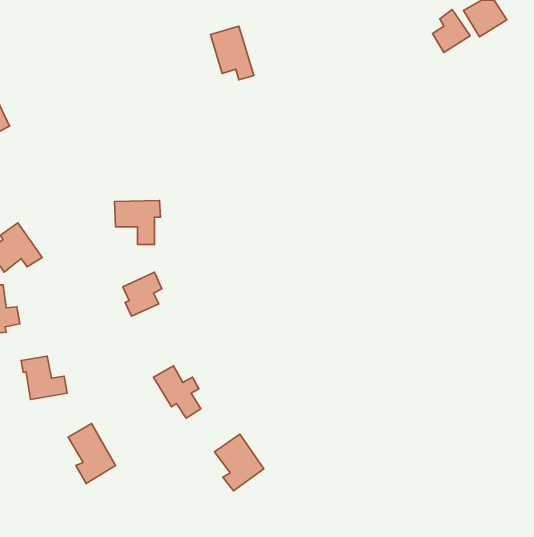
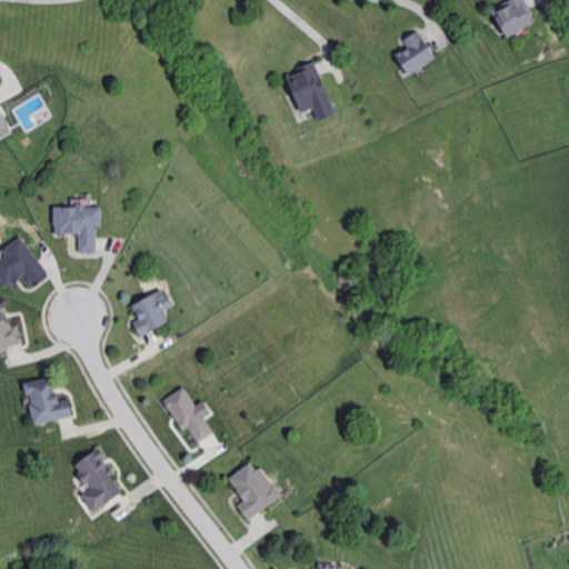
building: [432,9,470,53] -> [395,31,435,77]
building: [211,26,254,80] -> [287,64,332,121]
building: [114,200,161,245] -> [52,204,101,251]

